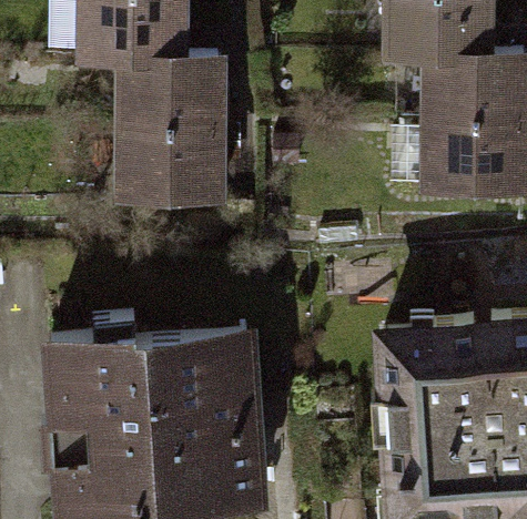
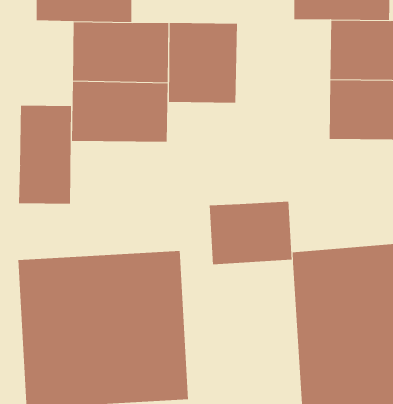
building: none -> [169,22,238,103]
building: none -> [18,105,72,204]
building: none -> [209,201,292,265]

